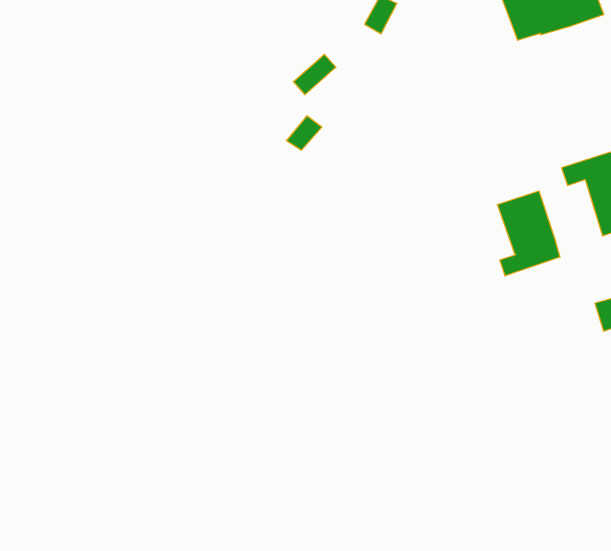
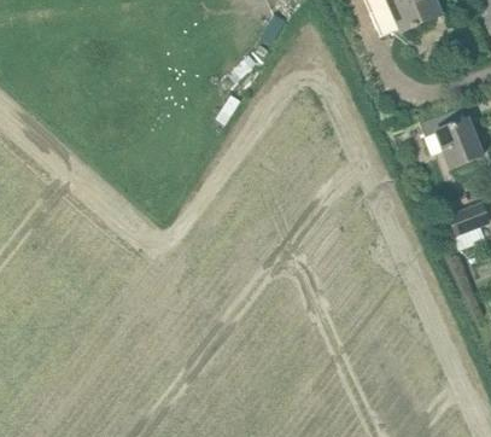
building: [497,191,560,276] -> none

